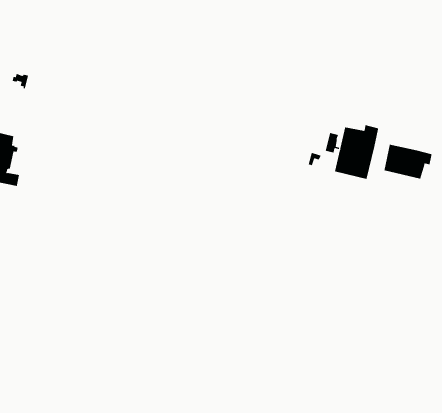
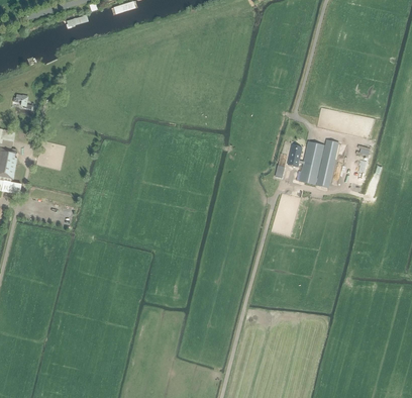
building: [384,144,432,179] -> none

